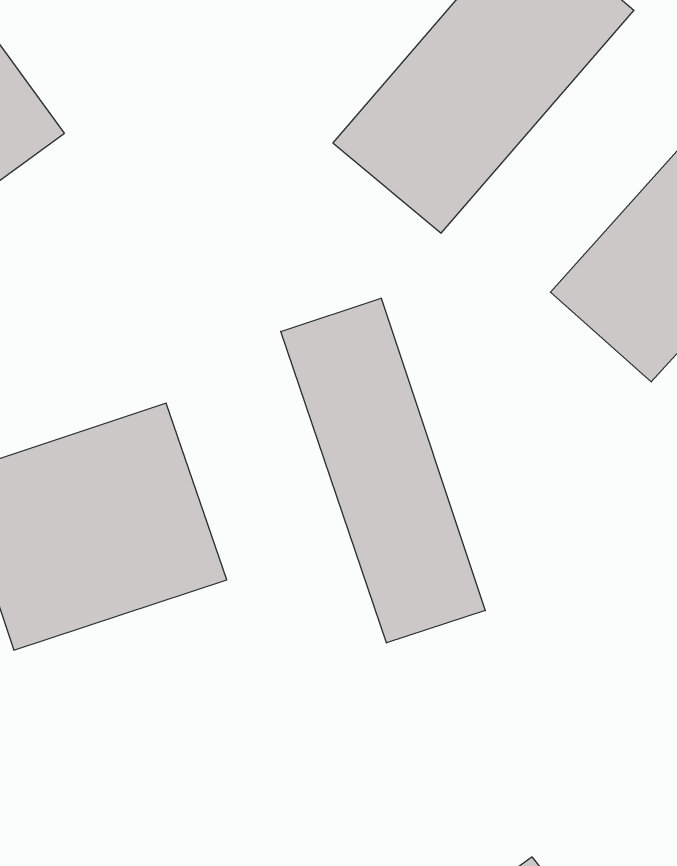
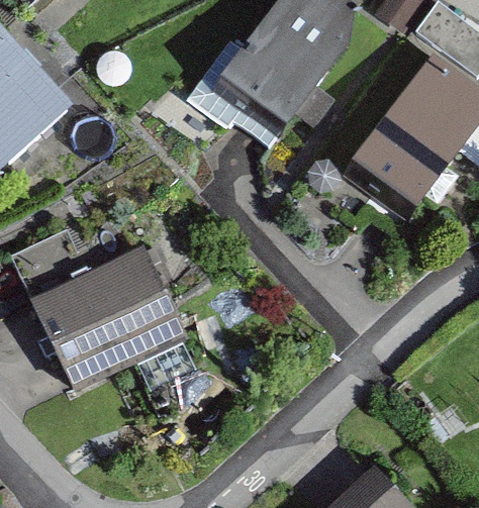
building: [281,298,485,643] -> none

